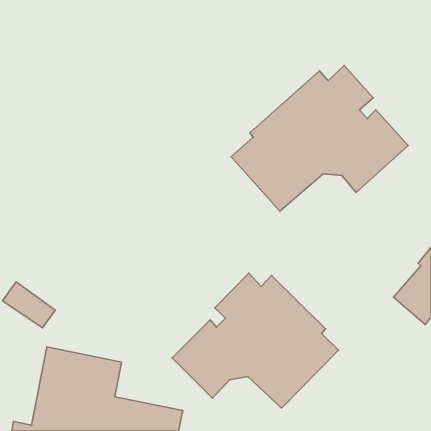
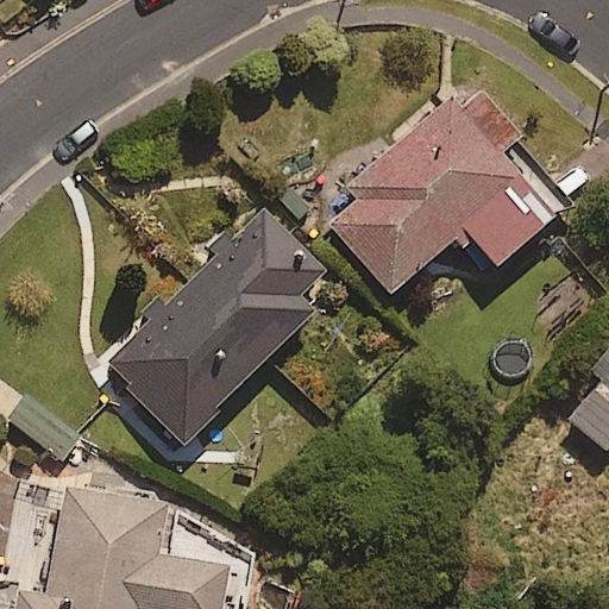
building: none -> [107,211,326,444]
building: [172,273,339,408] -> none

